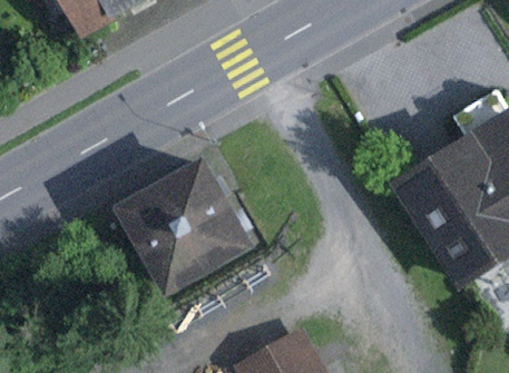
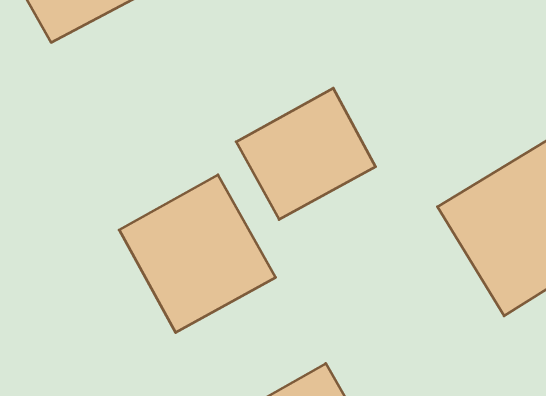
building: none -> [236,88,376,220]

